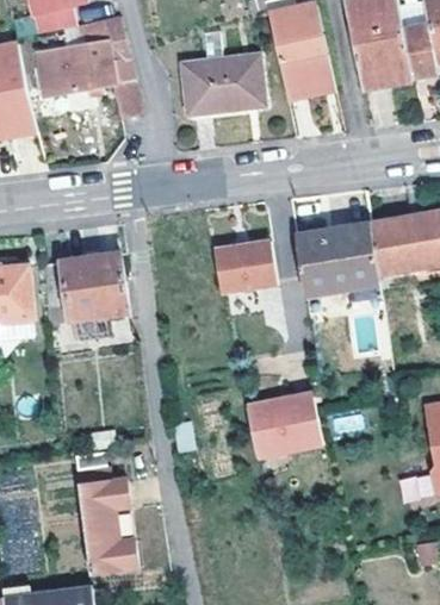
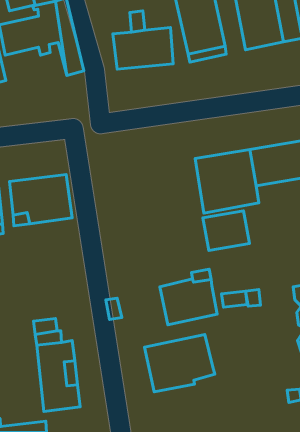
building: [213,237,277,291] -> [203,211,250,251]
building: none -> [144,334,215,392]

